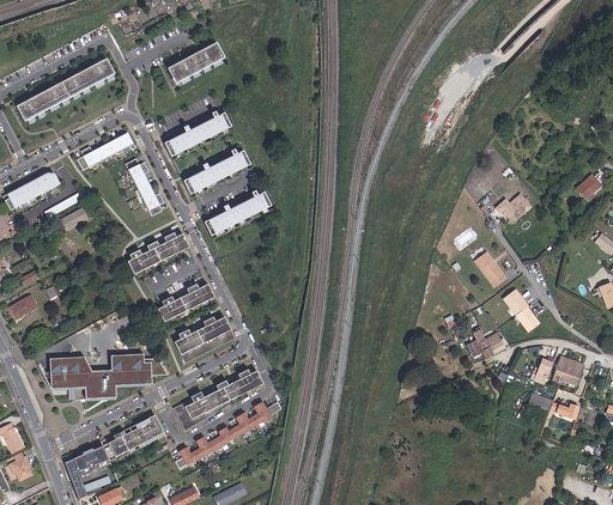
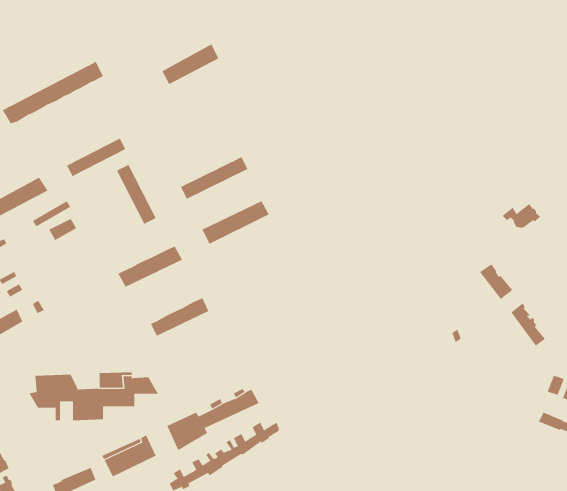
building: [166,111,233,156] -> none
building: [174,316,235,361] -> none
building: [466,327,504,358] -> none

